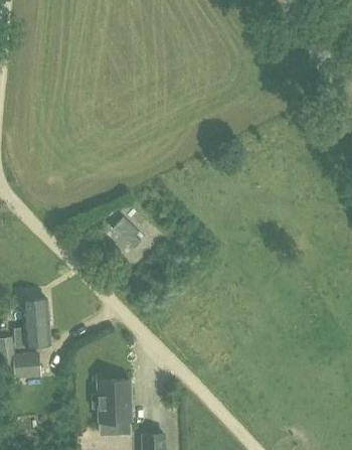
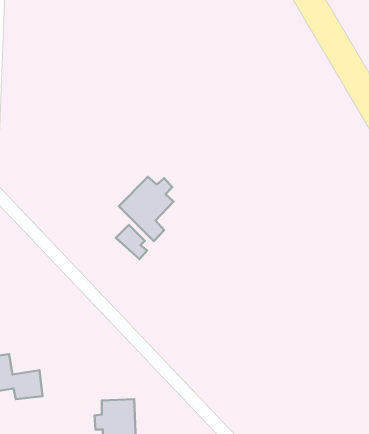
building: none -> [119,177,174,241]
building: [15,299,48,346] -> none

